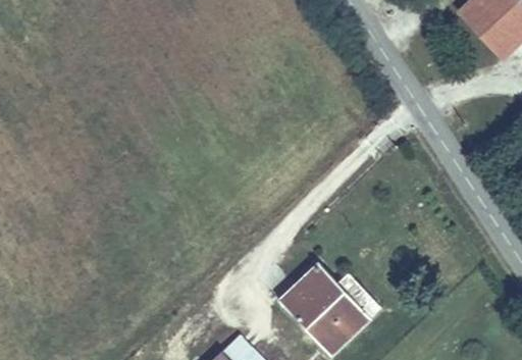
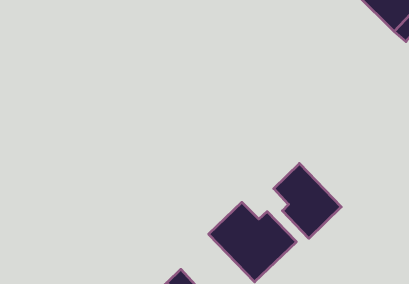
building: none -> [274,163,341,238]

